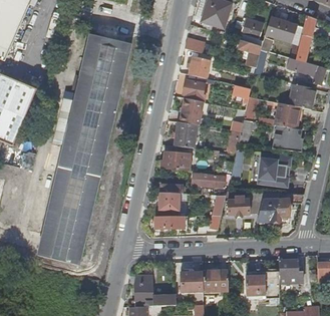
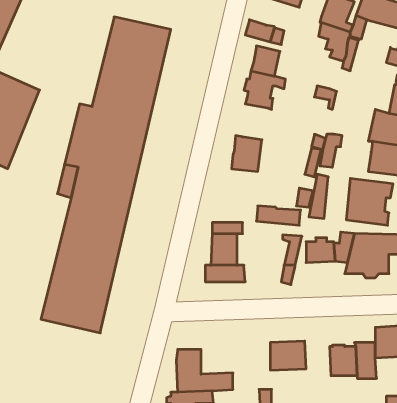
building: [182,97,201,123] -> none
building: [160,150,190,170] -> none
building: [181,271,203,292] -> none

